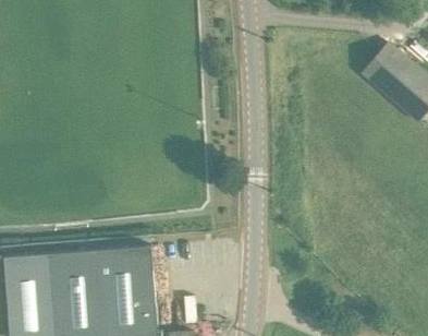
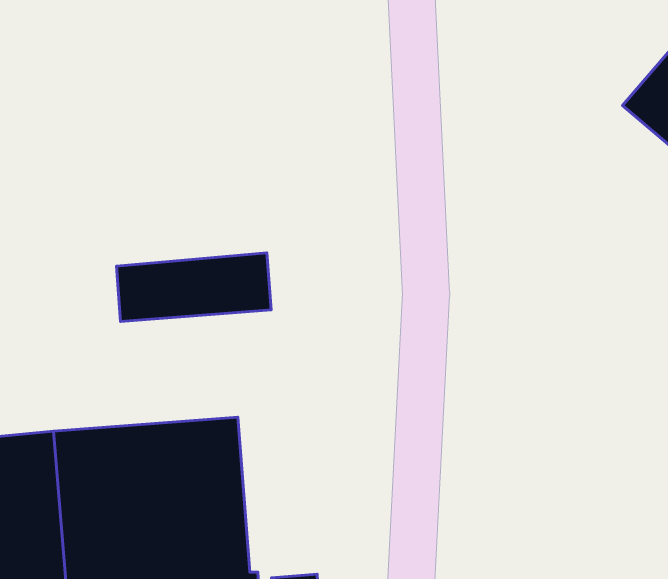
building: none -> [116,253,271,321]

